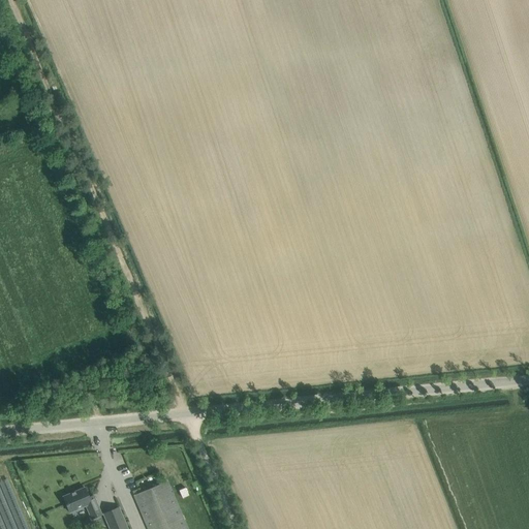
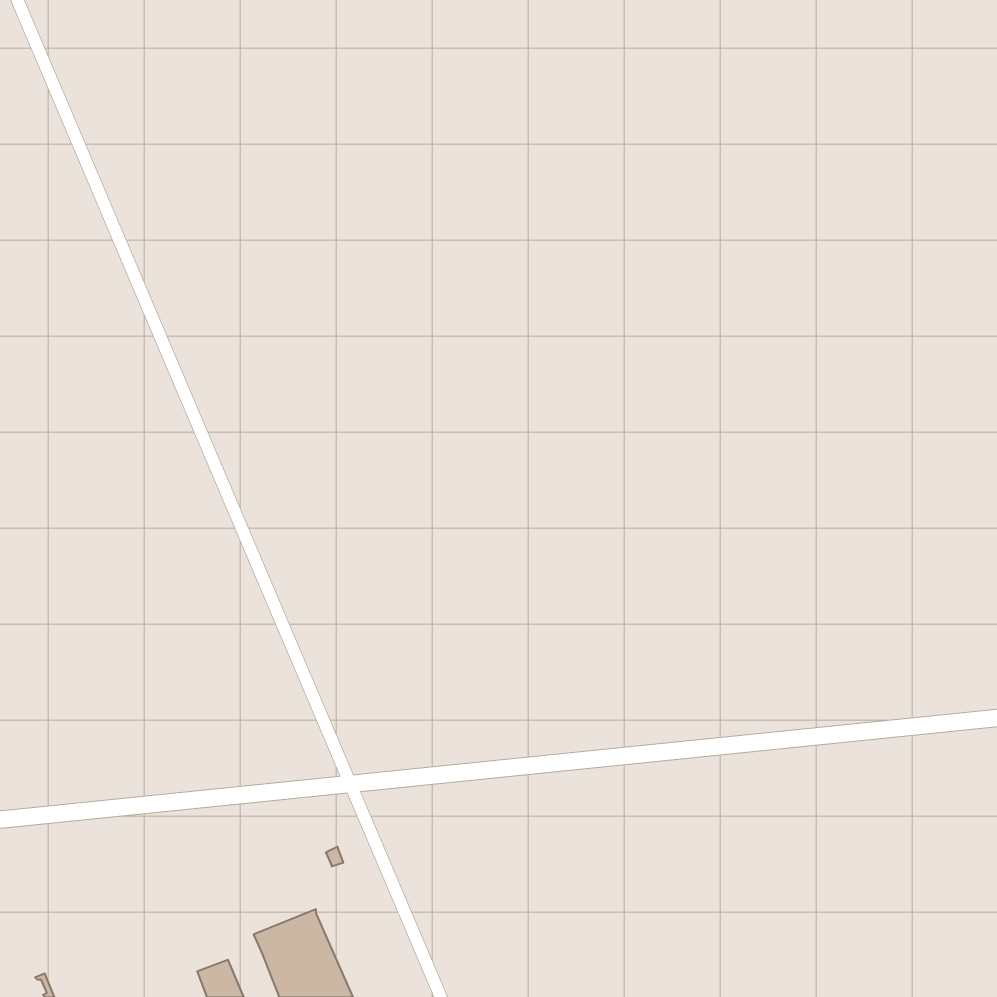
building: [62,488,101,520] -> none

